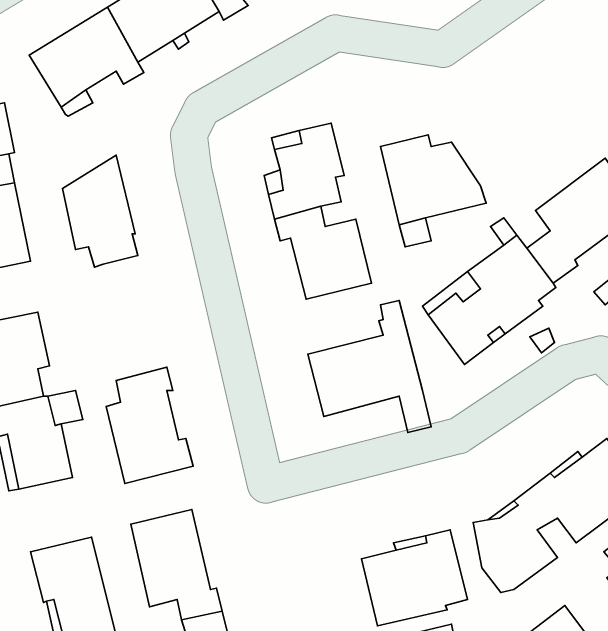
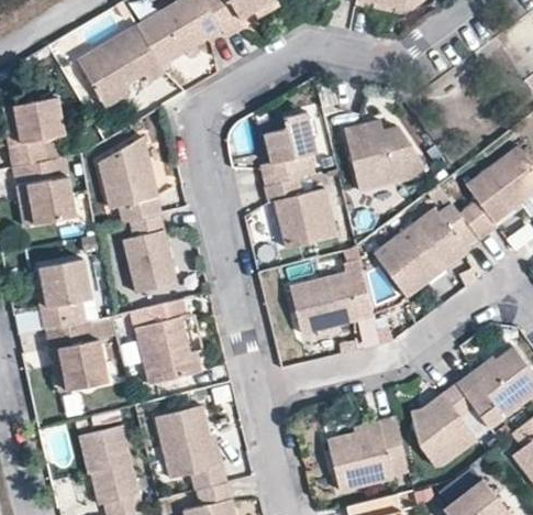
building: none -> [122,212,177,293]

